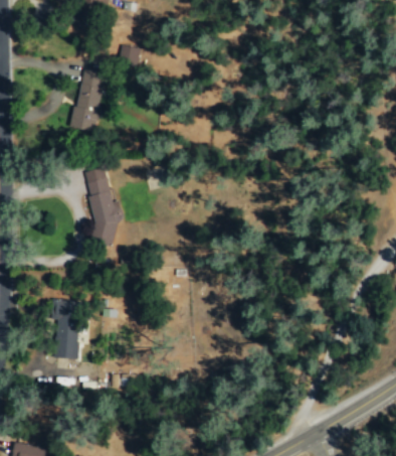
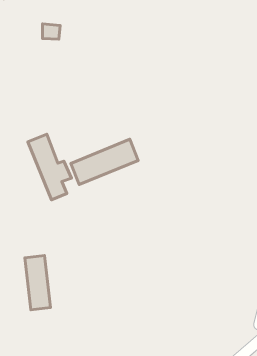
building: [72,68,106,131] -> none
building: none -> [71,139,138,184]

